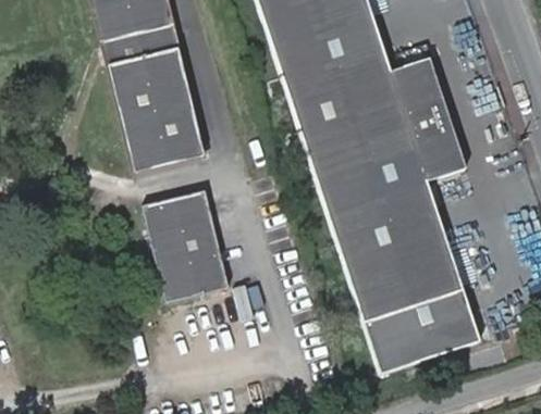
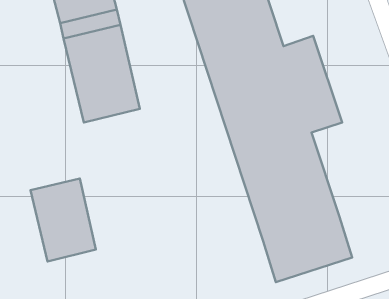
building: [145,193,229,300] -> [31,178,96,262]

